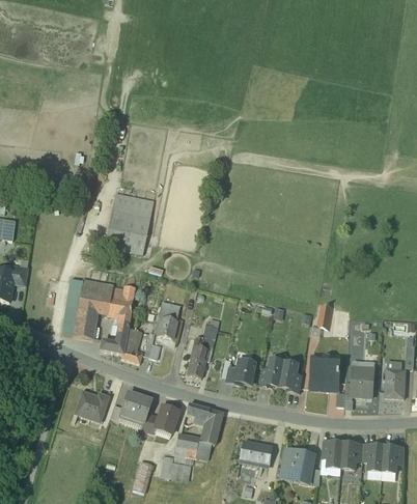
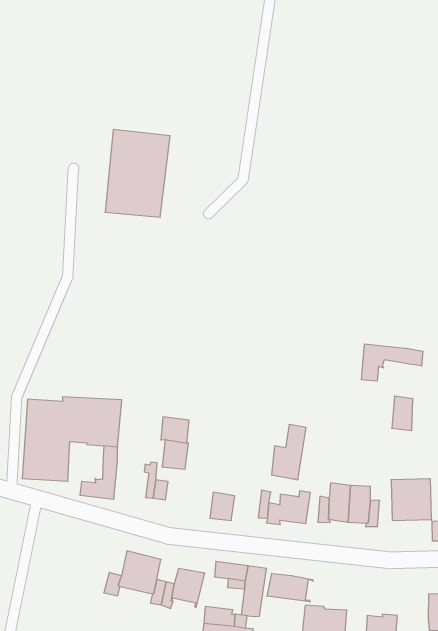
building: [104,192,154,255] -> [105,130,170,217]
building: none -> [362,344,423,381]
building: [191,323,218,361] -> [272,425,306,480]
building: [121,328,142,363] -> none
building: [75,393,108,421] -> none
building: none -> [267,573,313,602]

